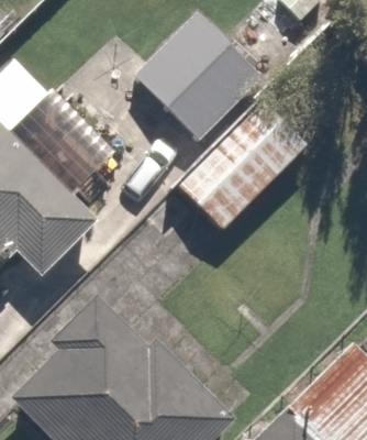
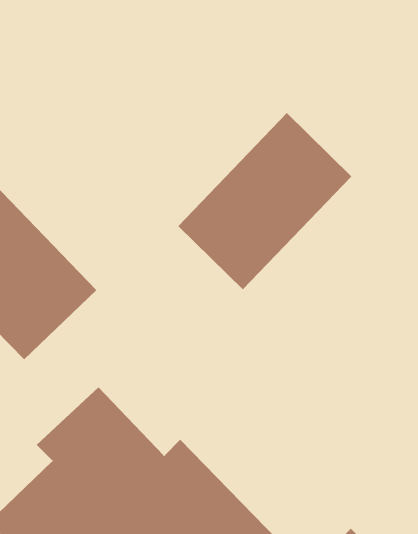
building: [120,9,243,132] -> none

